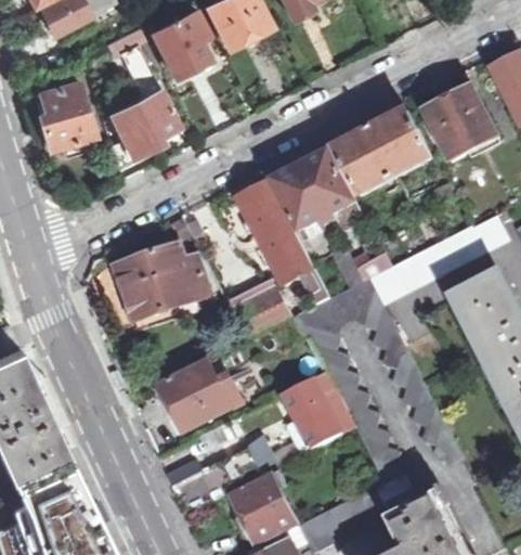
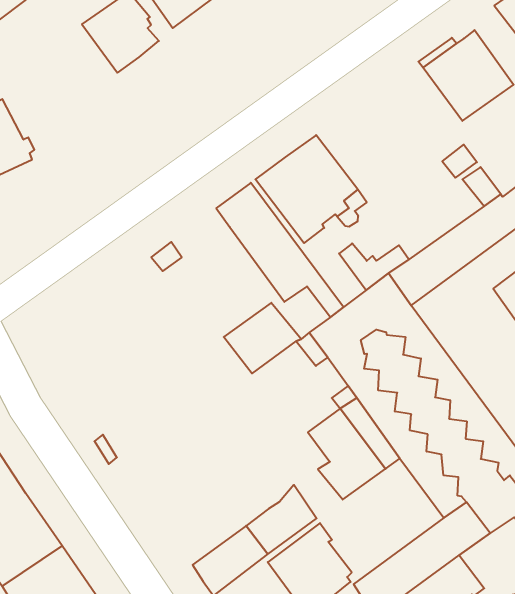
building: [108,38,181,156] -> none
building: [334,111,430,194] -> none
building: [116,246,203,322] -> none
building: [158,362,240,434] -> none

